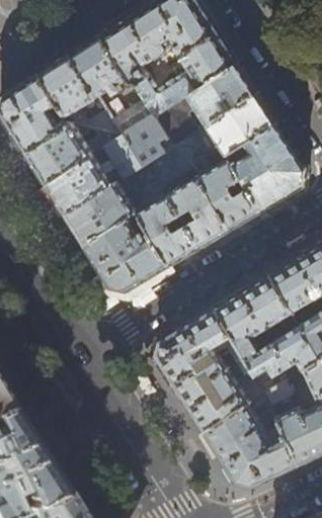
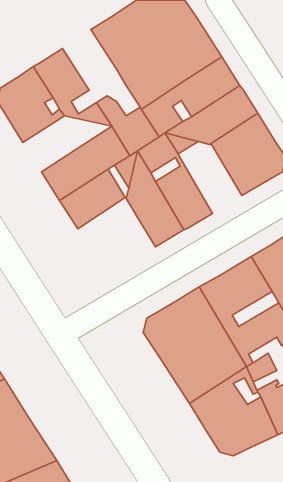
building: [74,33,142,101] -> none
building: [31,125,127,185] -> none
building: [200,159,265,230] -> none
building: [90,212,173,290] -> none

